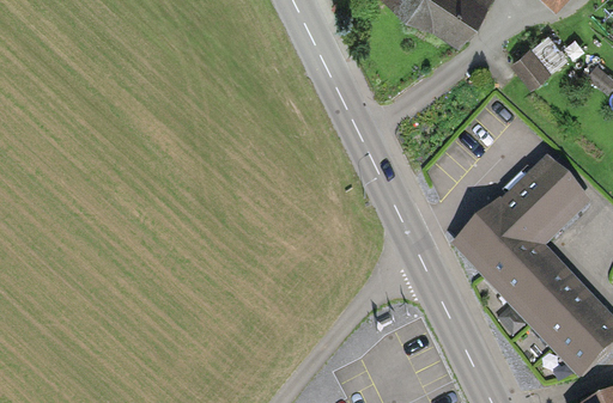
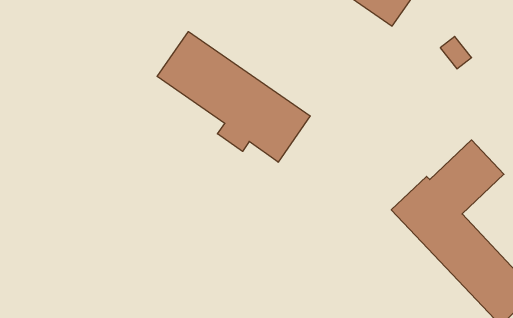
building: none -> [157,32,310,162]

